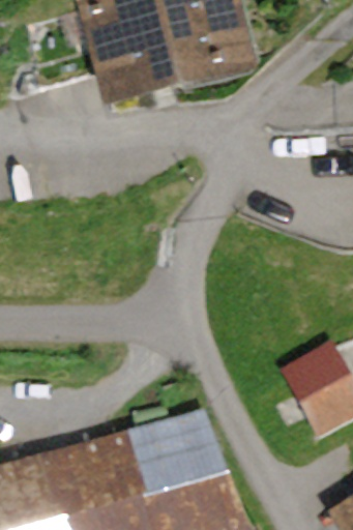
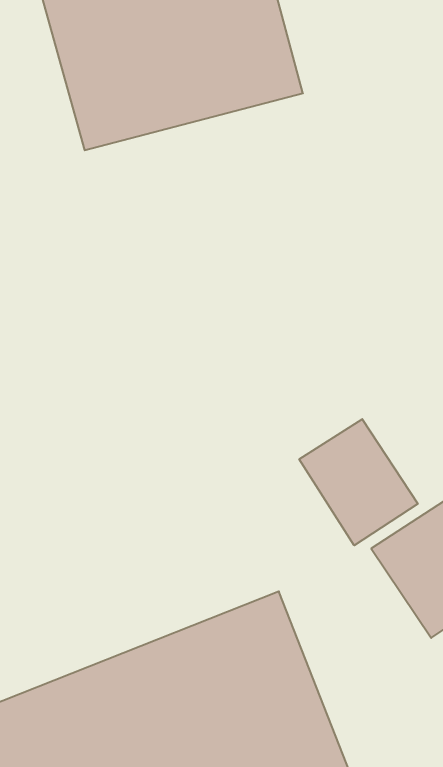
building: none -> [299,419,418,545]

